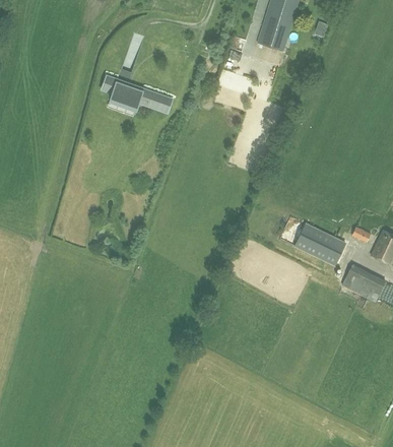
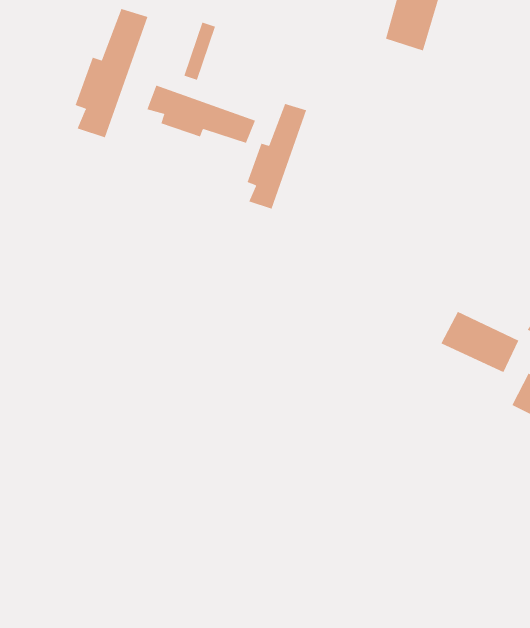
building: none -> [75,8,148,138]
building: none -> [247,103,307,210]

